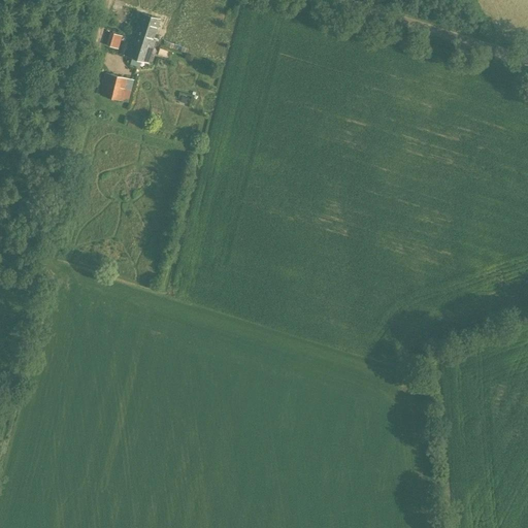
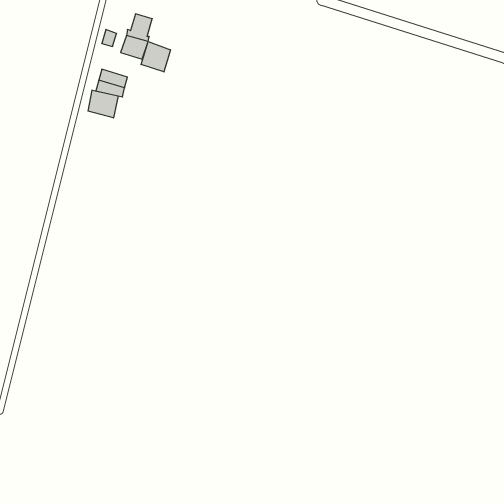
building: none -> [141,42,170,72]
building: none -> [88,90,118,118]

